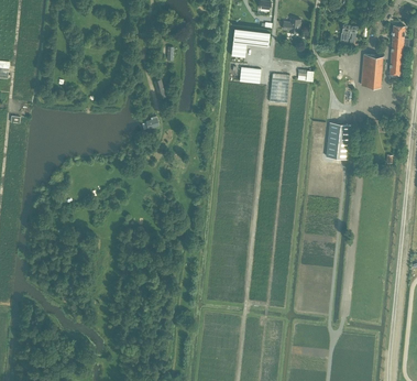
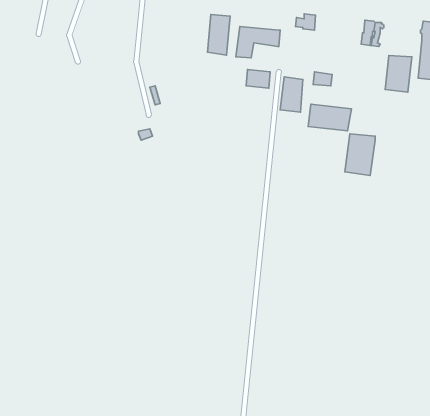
building: none -> [208,14,230,55]
building: none -> [308,104,351,131]

